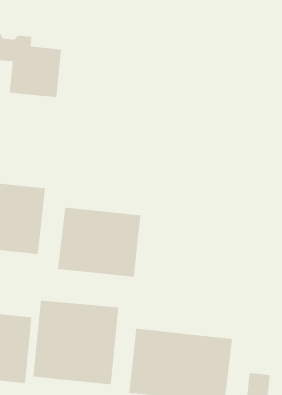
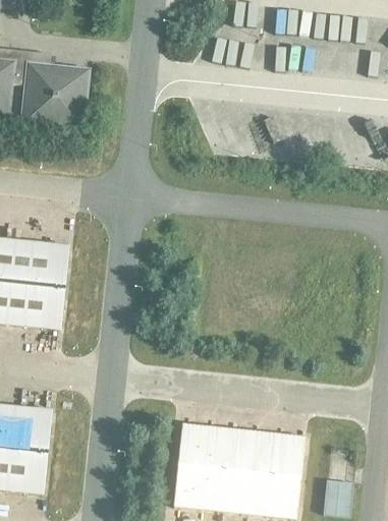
building: [58,207,141,278] -> none
building: [33,300,119,385] -> none

